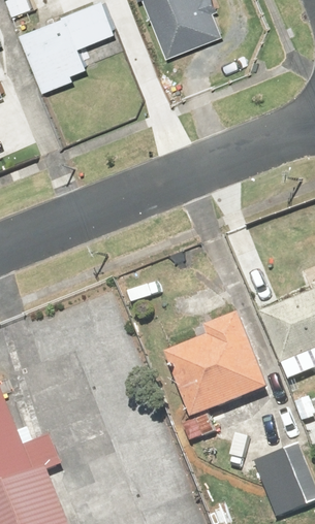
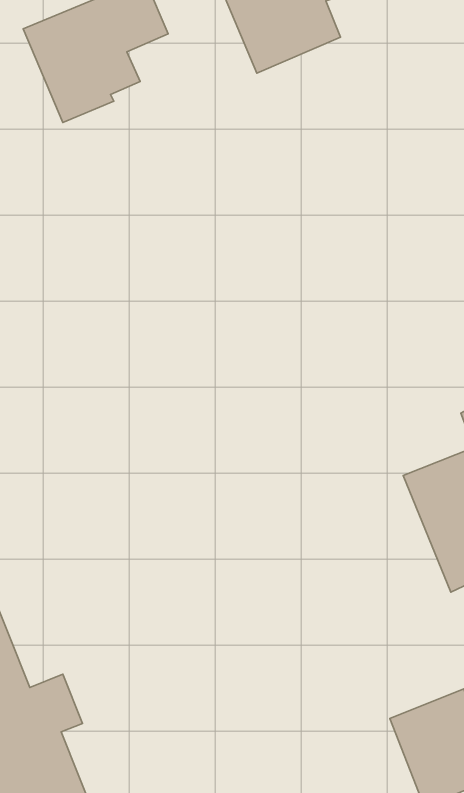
building: [164,312,271,443] -> none

